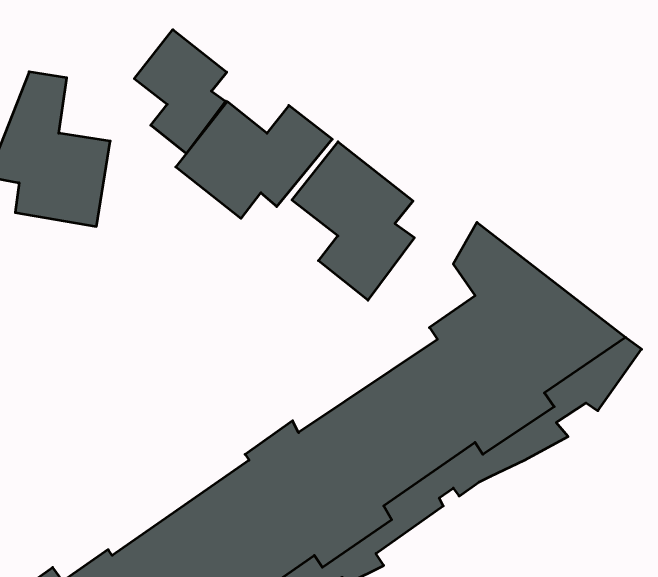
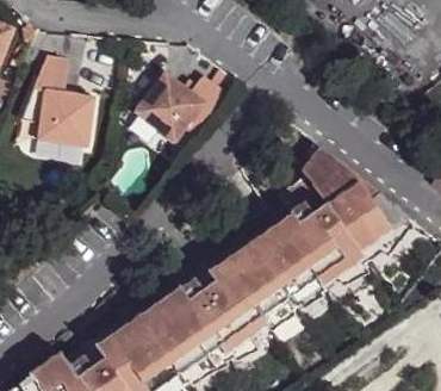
building: [134,30,227,154] -> none
building: [292,142,414,300] -> none

